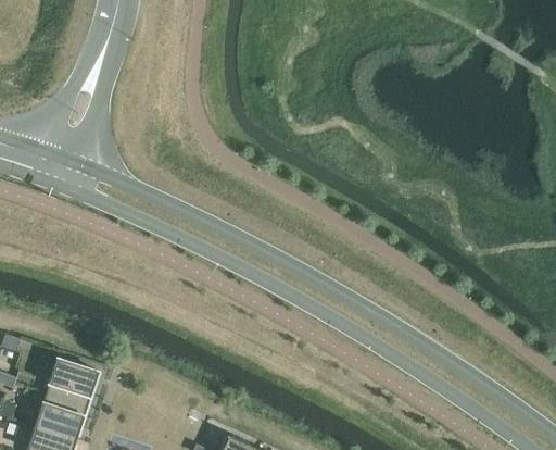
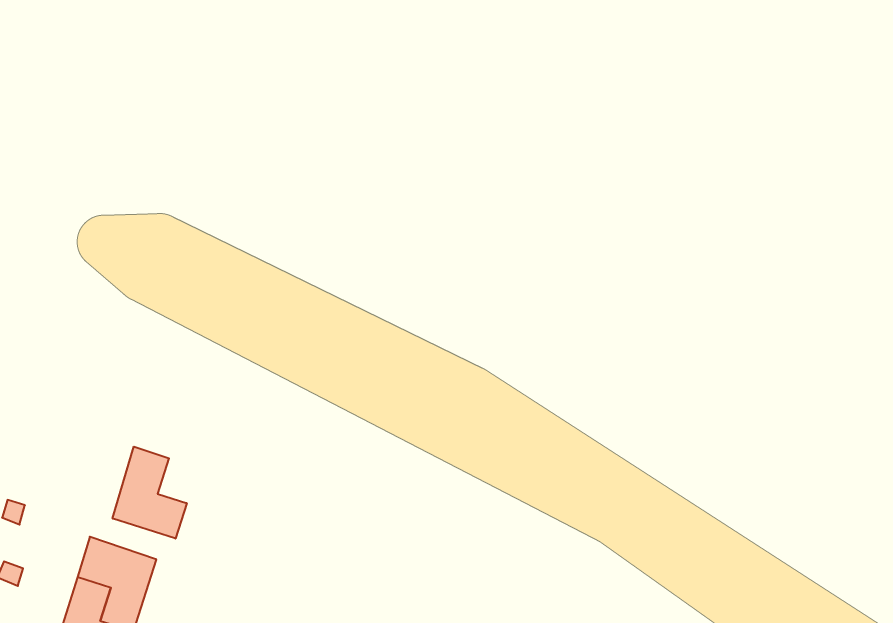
building: none -> [113,447,187,539]

